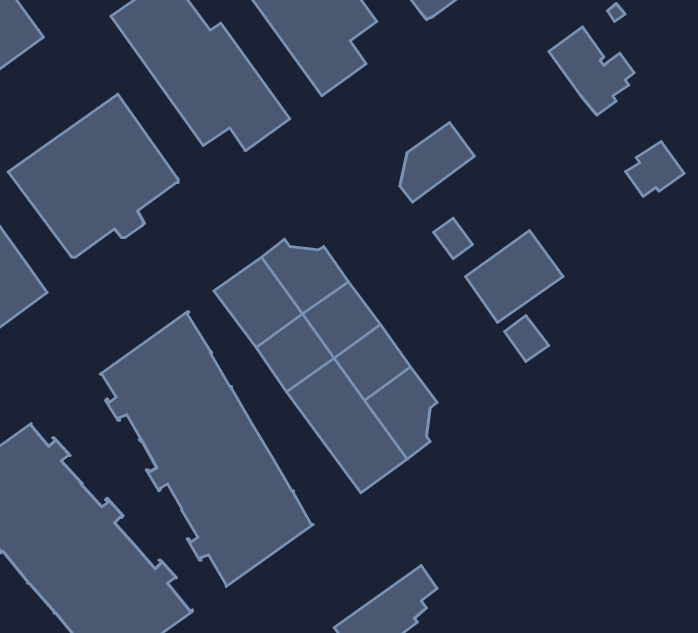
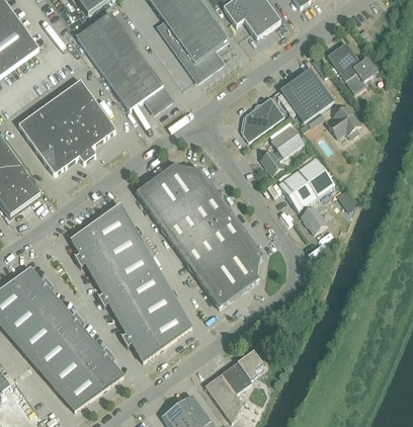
building: none -> [279,67,333,120]
building: [626,142,684,196] -> [327,104,360,136]
building: none -> [270,124,303,156]

